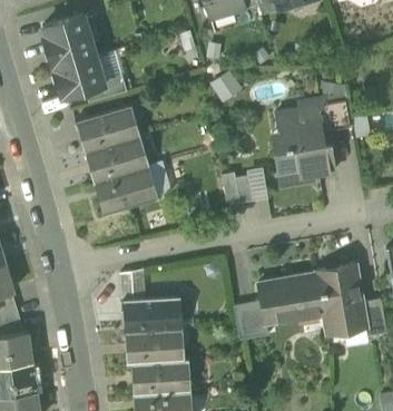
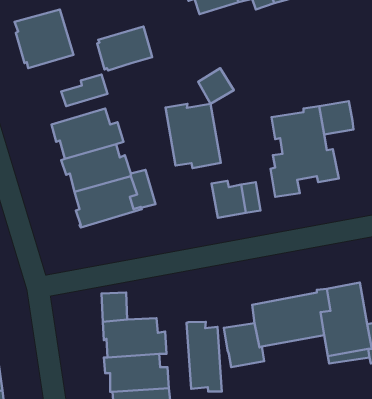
building: [53,57,104,97] -> [97,26,152,71]
building: none -> [166,104,221,168]
building: none -> [187,322,222,392]

